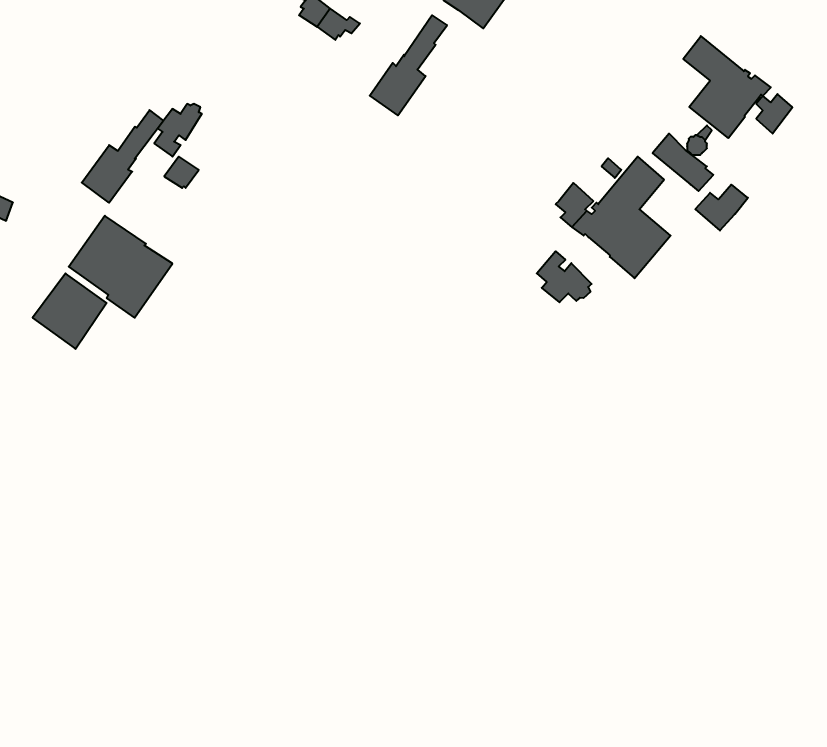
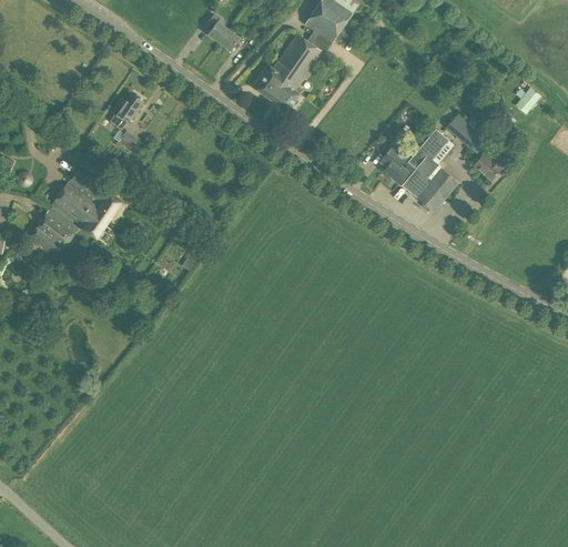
building: none -> [273,30,331,111]
building: [683,36,771,138] -> none
building: [82,110,163,203] -> none
building: [537,251,592,302] -> none

